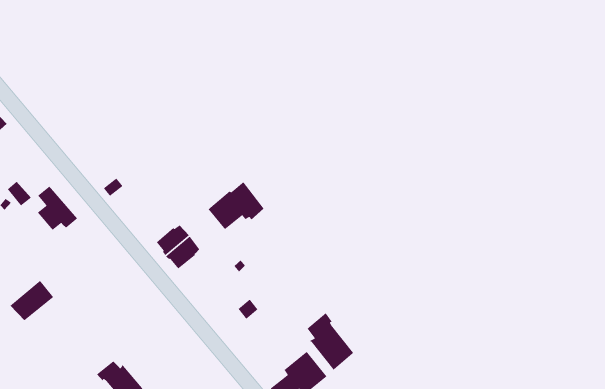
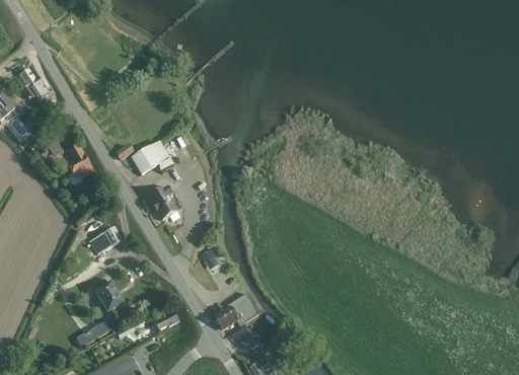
building: [208,181,265,230] -> [130,142,171,175]
building: [10,280,54,321] -> [88,226,122,254]
building: [307,312,355,372] -> none

